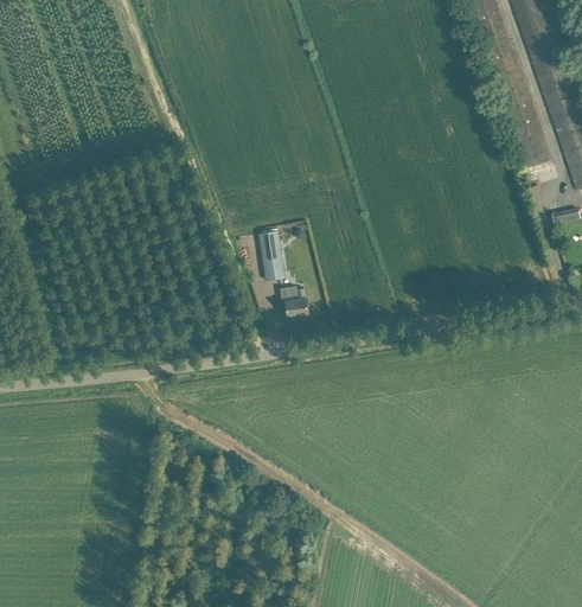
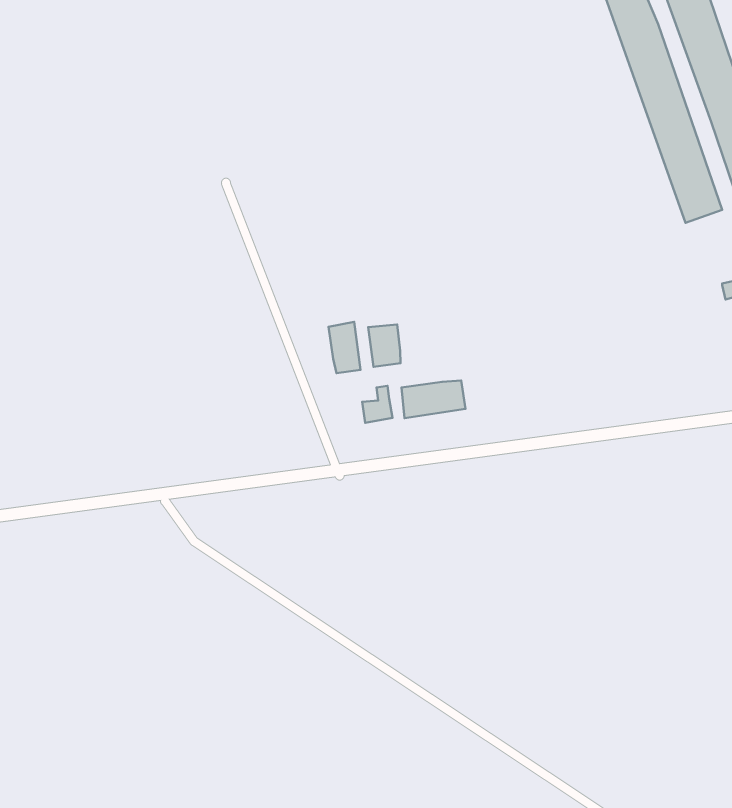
building: none -> [368,324,400,367]
building: none -> [402,380,465,418]

